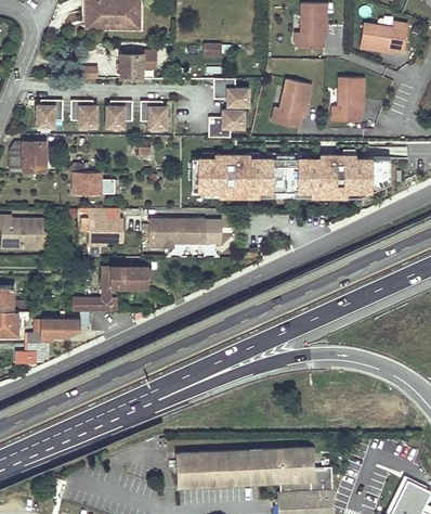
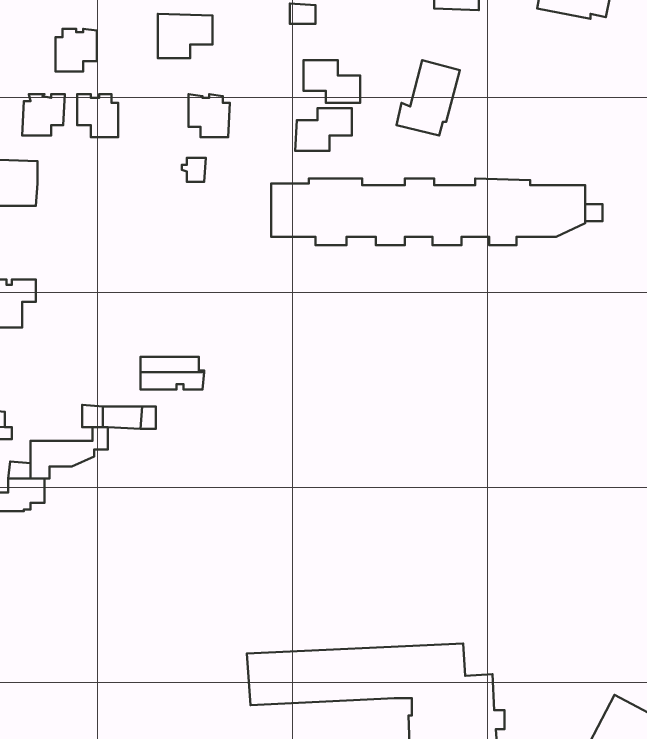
building: [332,76,364,120] -> none
building: [105,101,131,128] -> [56,29,97,72]
building: [73,174,112,193] -> none
building: [82,207,123,244] -> none
building: [142,217,220,247] -> none

